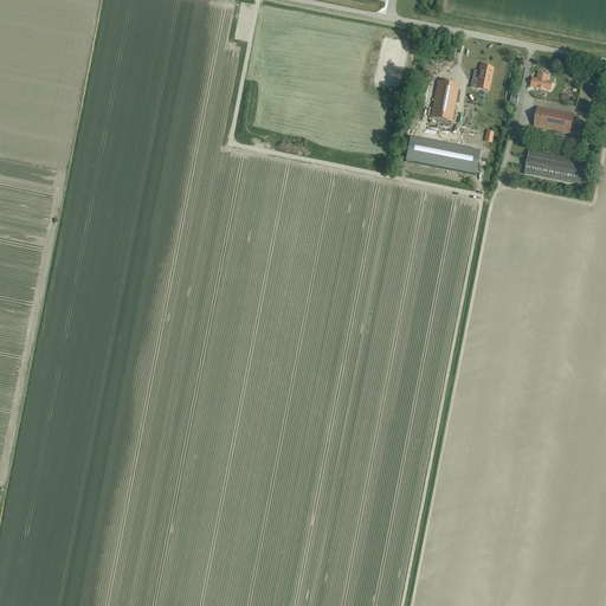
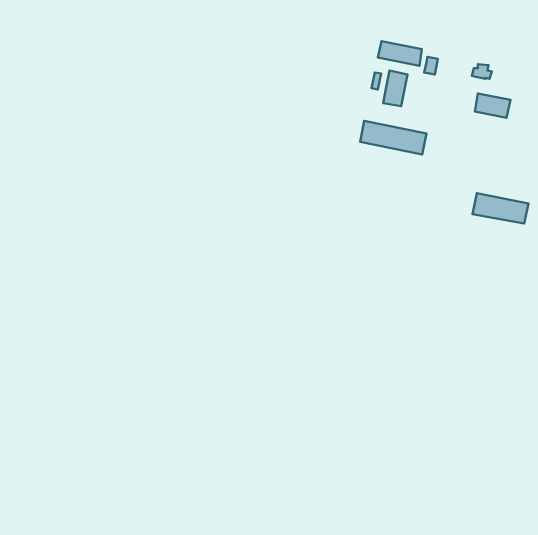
building: none -> [378,41,422,66]
building: [524,149,587,183] -> [473,193,528,224]

